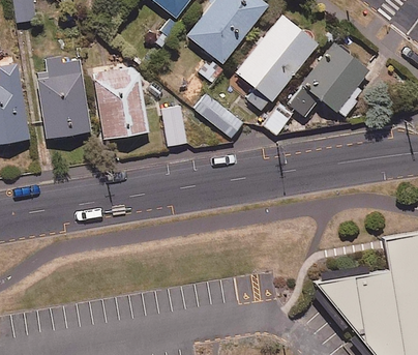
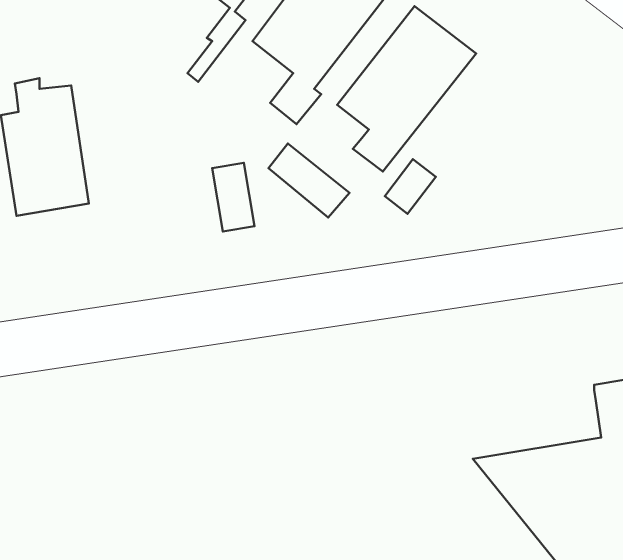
building: [287,41,370,118] -> none
building: [94,65,148,138] -> none

